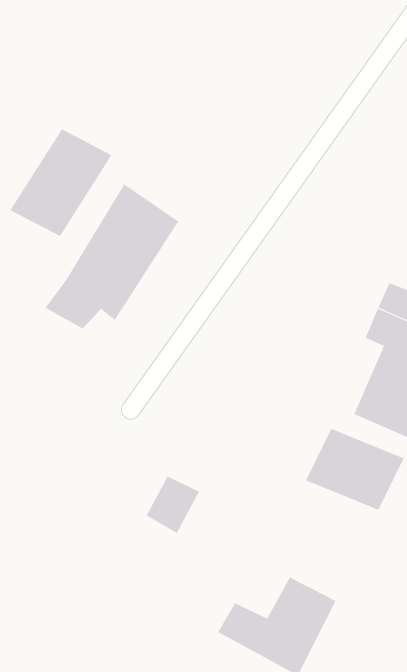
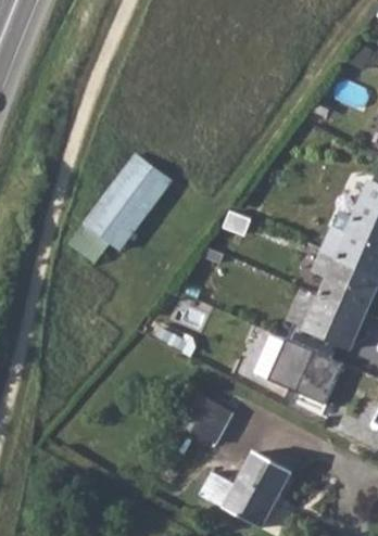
building: [10,129,112,237] -> none
building: [146,476,200,534] -> [191,399,232,444]

